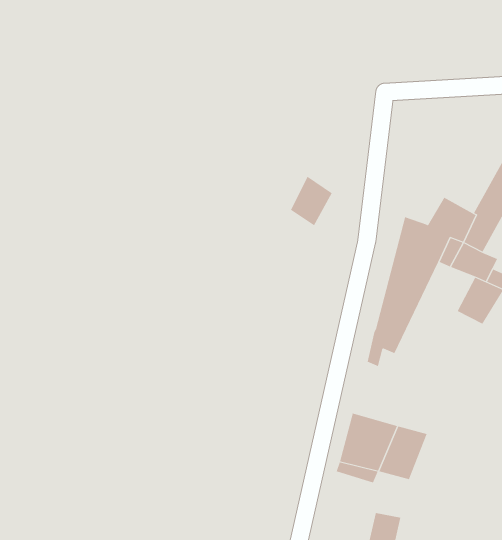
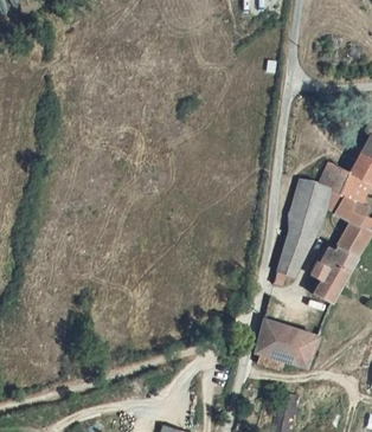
building: [290,176,332,226] -> none
building: none -> [309,243,358,303]

